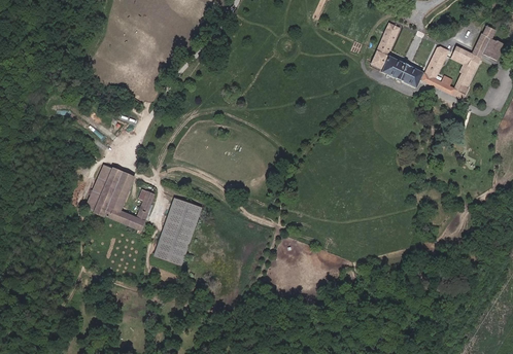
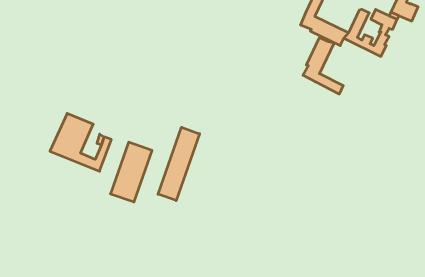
building: none -> [303,38,343,94]
building: none -> [158,127,200,201]

